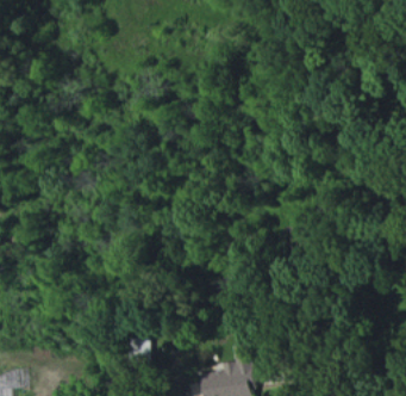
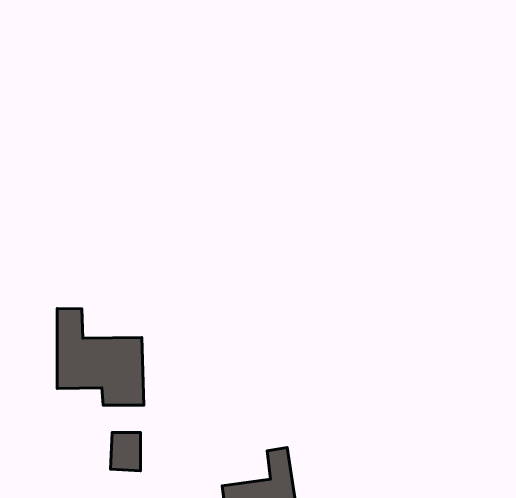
building: none -> [57,309,144,405]

